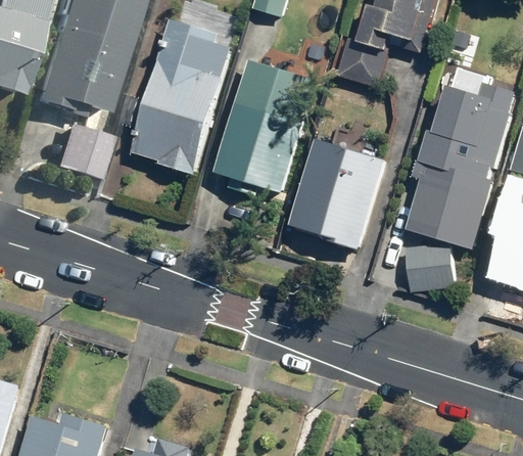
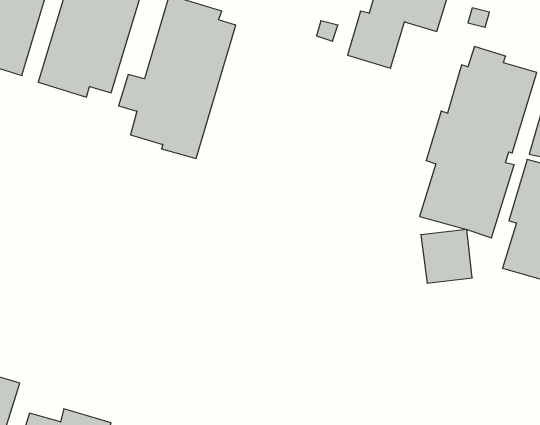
building: [213,59,315,195] -> none
building: [60,124,116,180] -> none
building: [287,138,385,249] -> none

